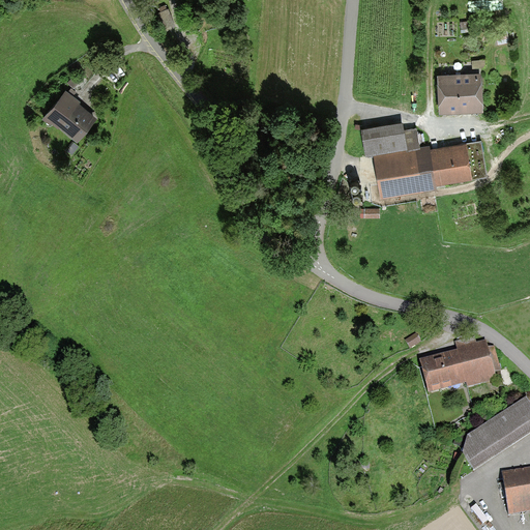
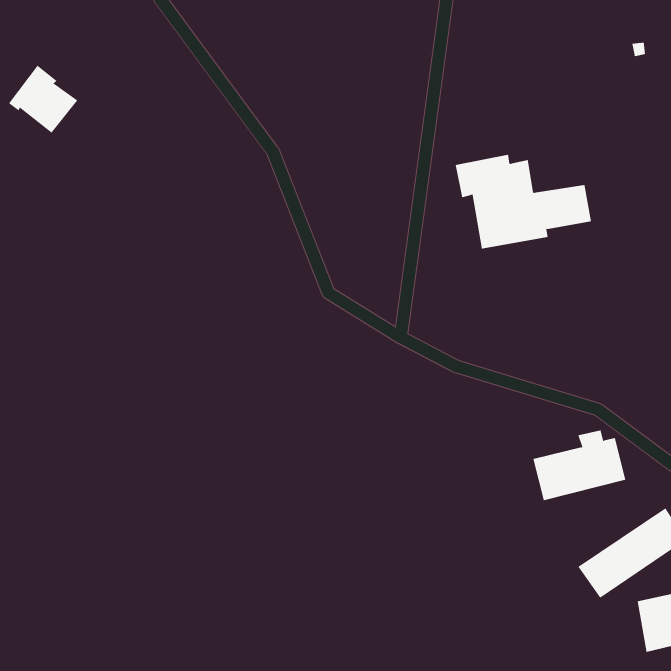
building: [437,58,485,112] -> none
building: [45,88,99,142] -> [8,65,78,133]

